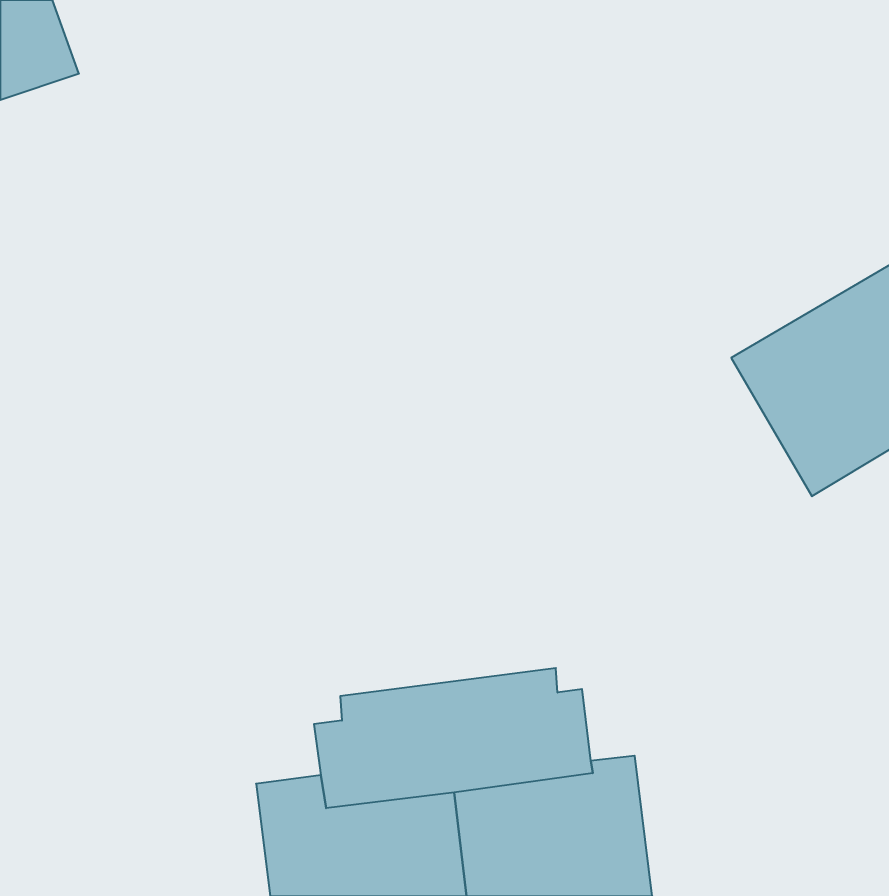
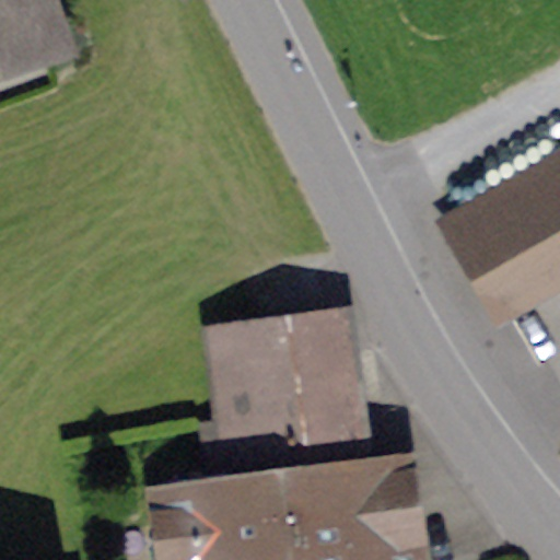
building: none -> [202,310,351,434]

